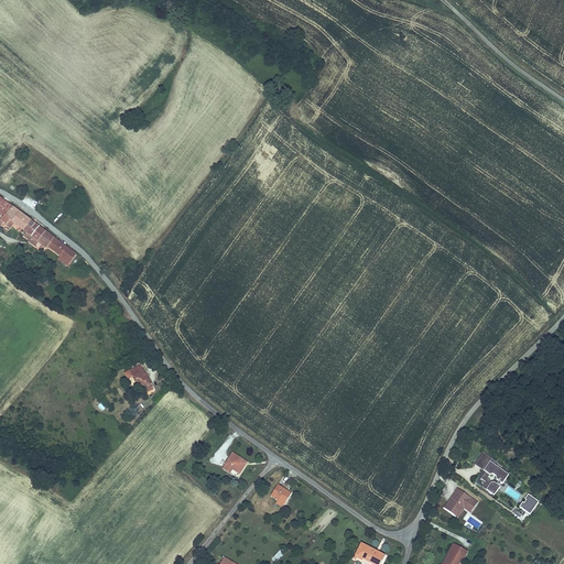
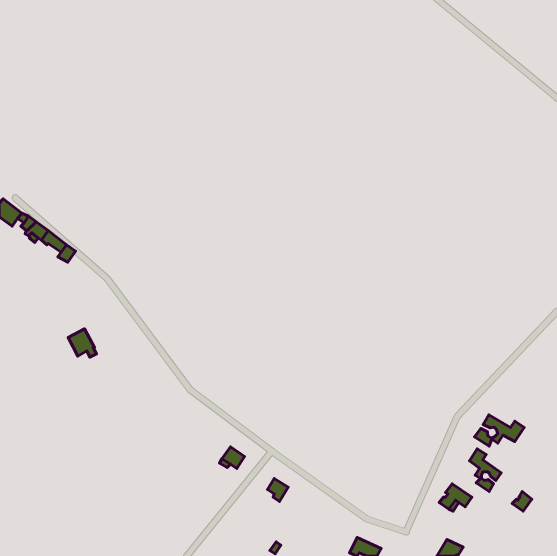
building: [123,362,152,391] -> [68,329,97,357]
building: none -> [475,415,524,446]

